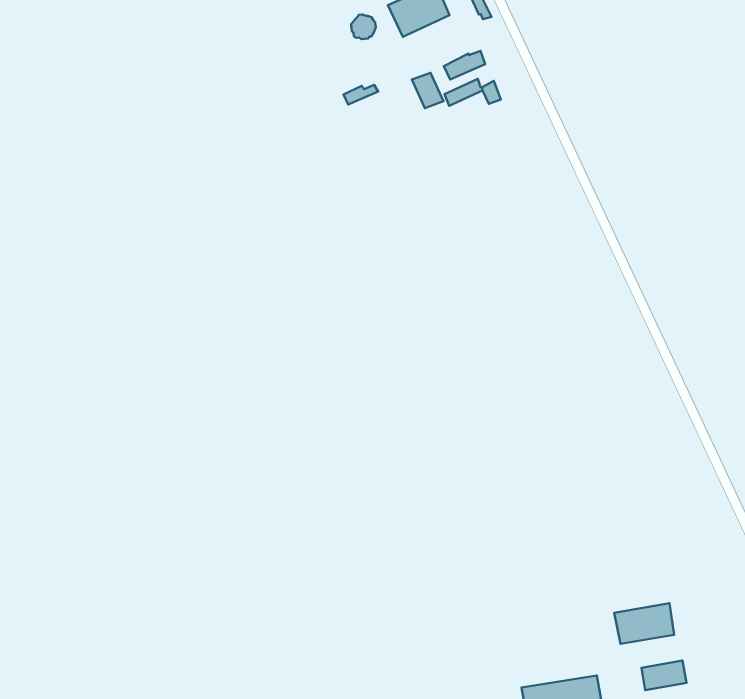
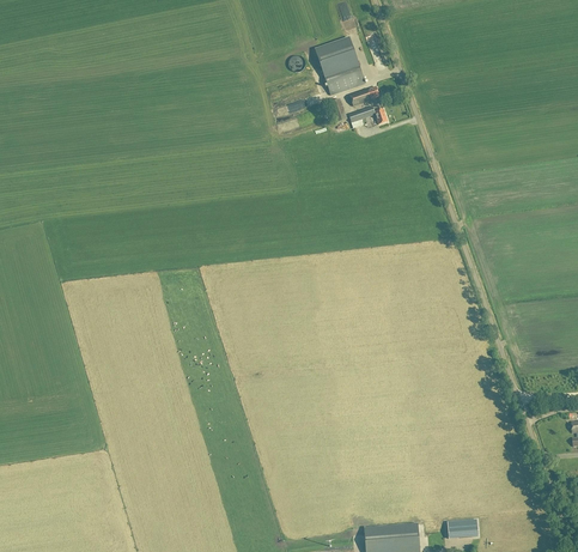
building: none -> [322,60,365,93]
building: [614,603,674,644] -> none

